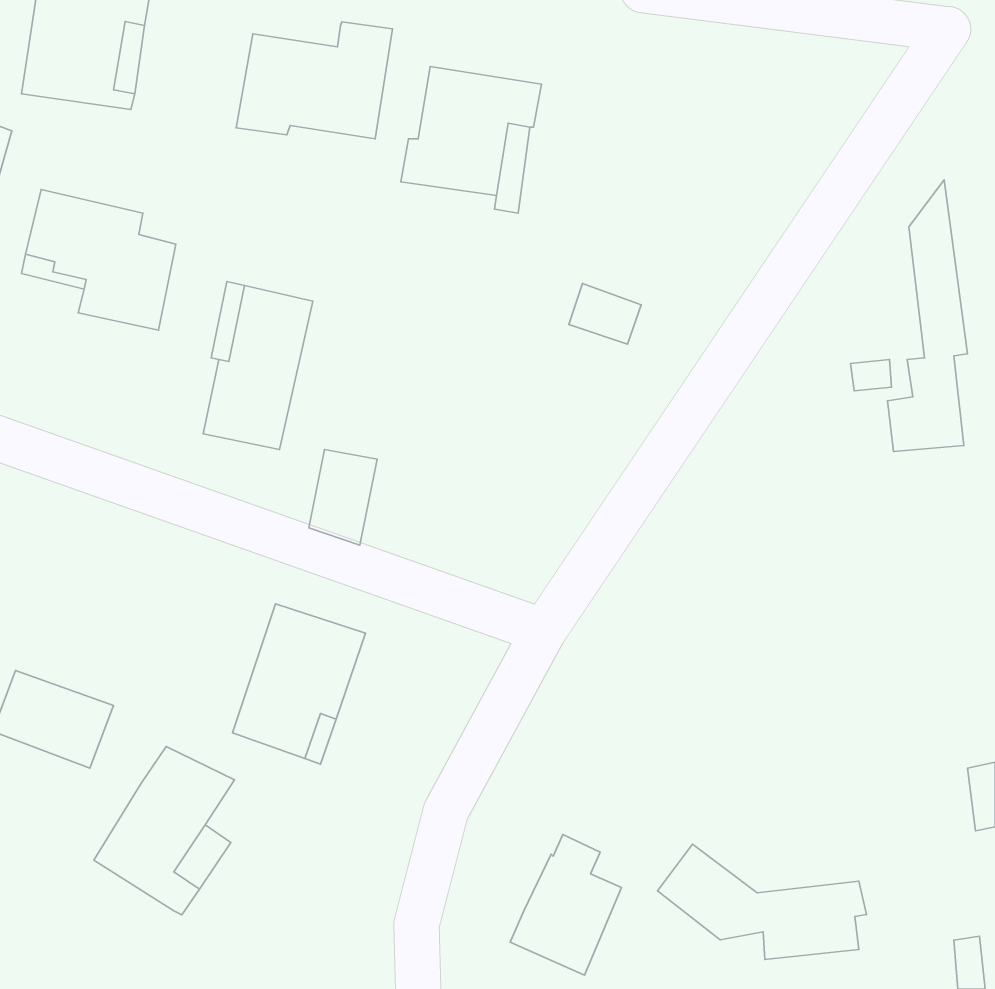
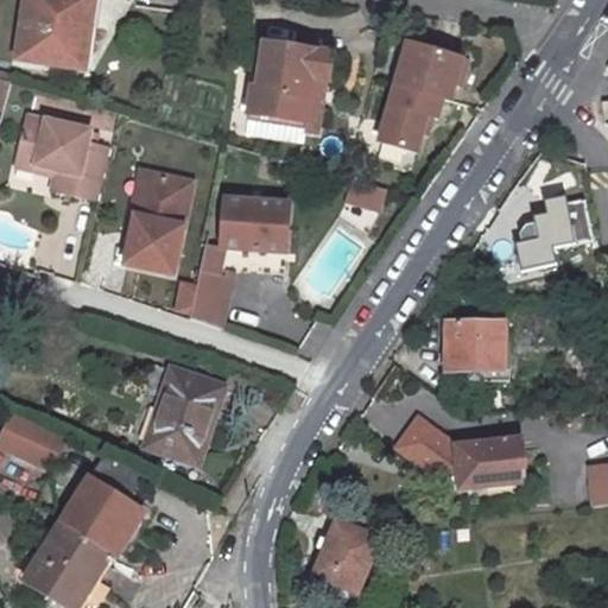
building: [236,22,392,139] -> none
building: none -> [382,34,473,147]
building: none -> [218,196,286,251]
building: none -> [444,305,504,370]
building: [657,844,867,959] -> [394,416,521,486]
building: none -> [20,522,106,594]

